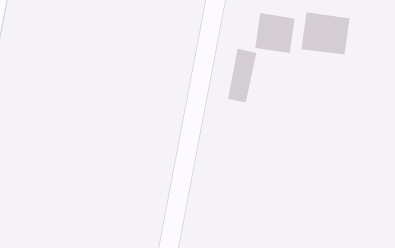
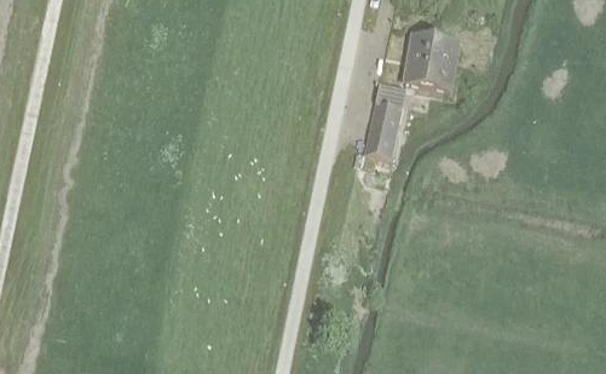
building: [301,11,350,55] -> none

